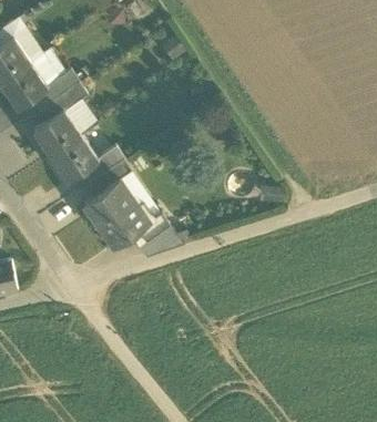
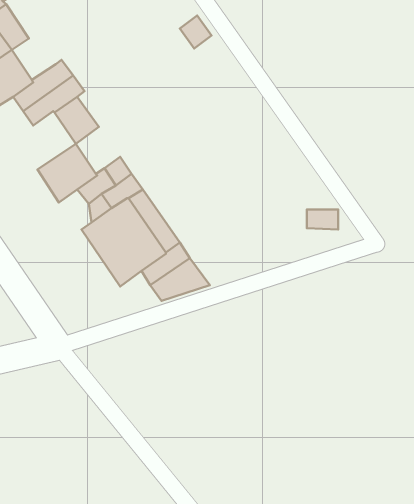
building: [28,50,62,85] -> none
building: [30,110,78,155] -> none

